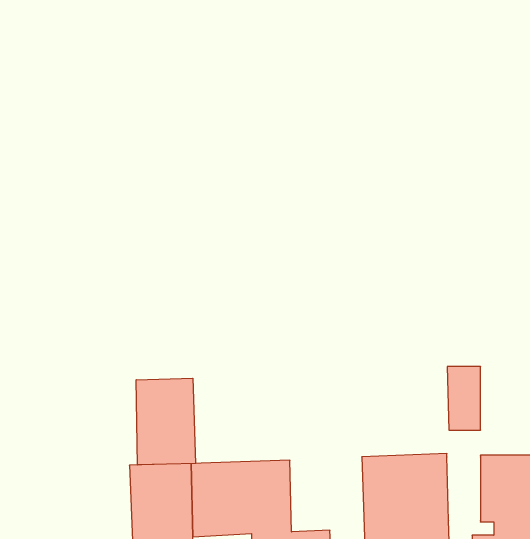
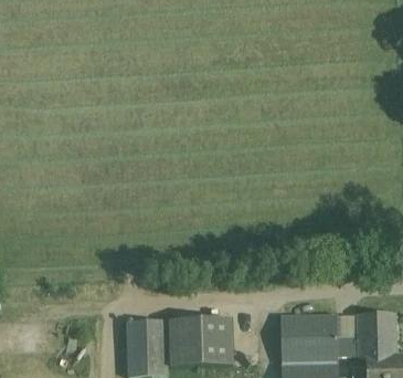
building: [447,367,481,430] -> [337,314,359,356]
building: [136,378,196,465] -> none

